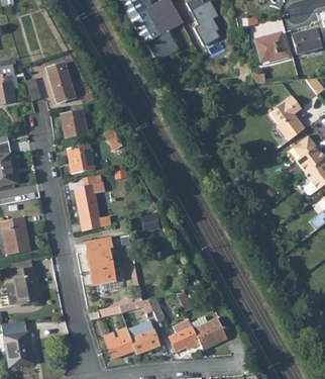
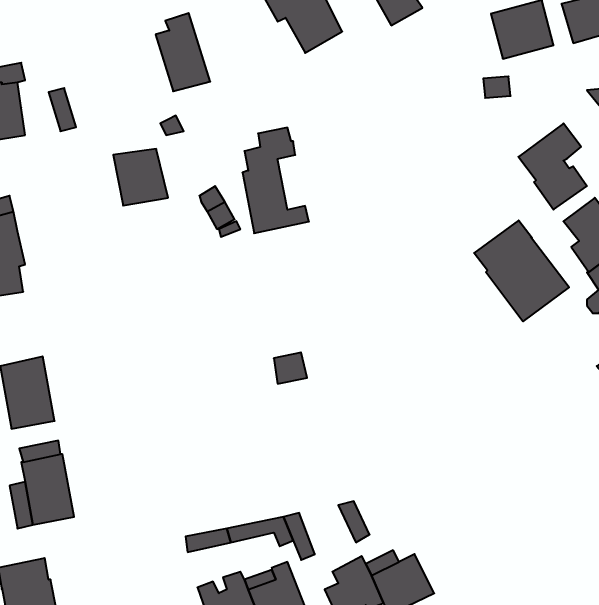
building: [46,63,75,103] -> [156,13,210,91]
building: [67,145,94,174] -> none
building: none -> [474,220,569,321]
building: [76,176,110,230] -> [242,128,309,233]
building: [85,236,114,284] -> none

